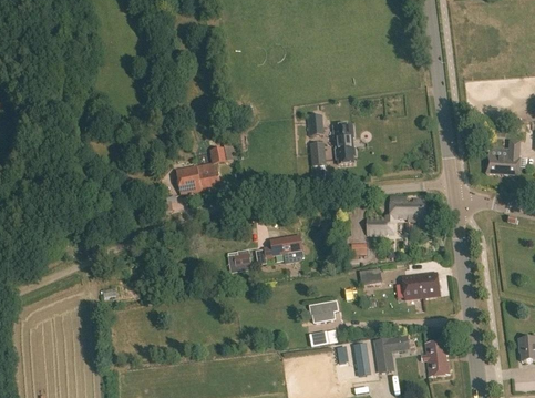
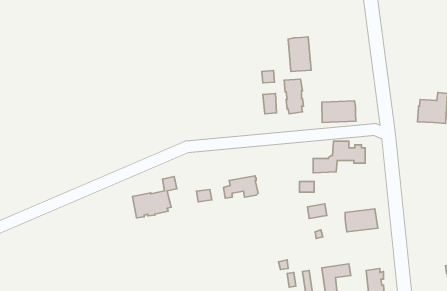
building: none -> [288,37,311,71]
building: [176,147,227,195] -> [133,176,177,218]
building: none -> [322,101,356,123]
building: [310,300,338,323] -> none

